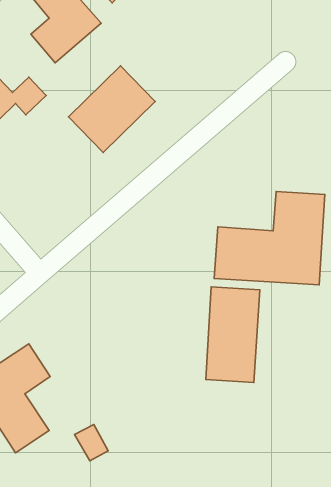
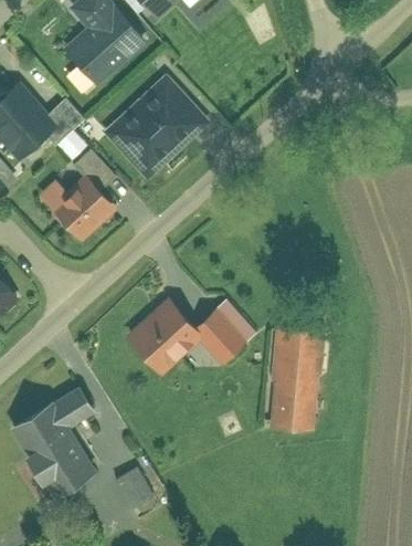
building: none -> [52,154,118,240]
building: [214,192,325,285] -> none
building: none -> [125,300,243,370]

